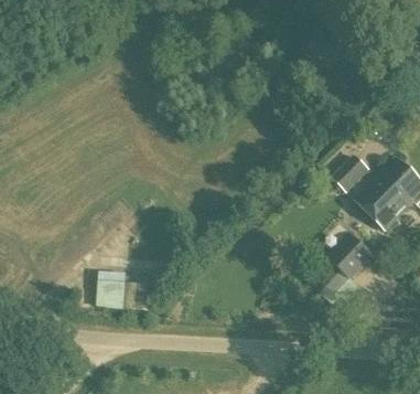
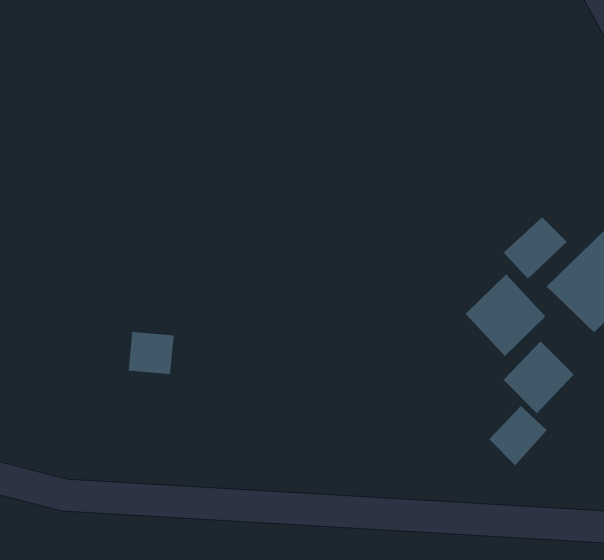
building: none -> [465,273,546,357]
building: [97,281,126,308] -> [128,331,175,375]

